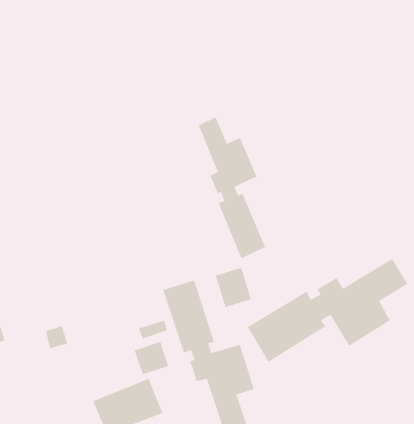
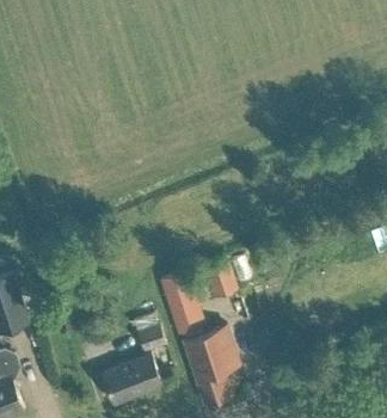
building: [198,116,266,259] -> none
building: [247,258,408,363] -> none

